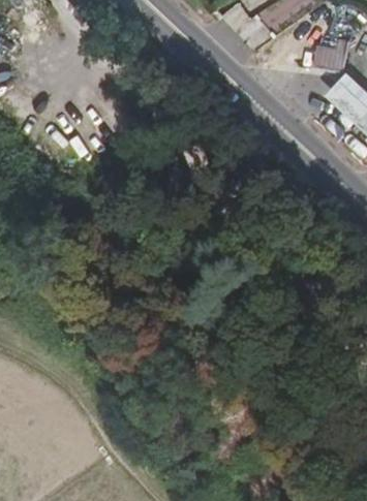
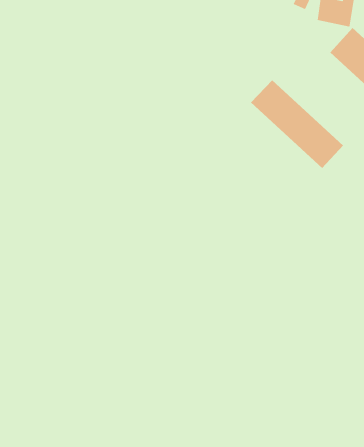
building: none -> [250,79,344,169]

